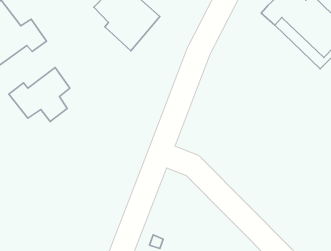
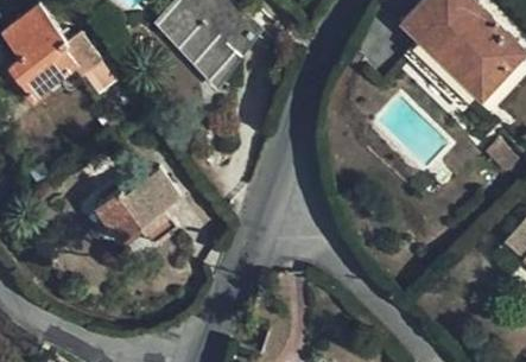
building: [9,68,70,121] -> [95,170,179,244]

